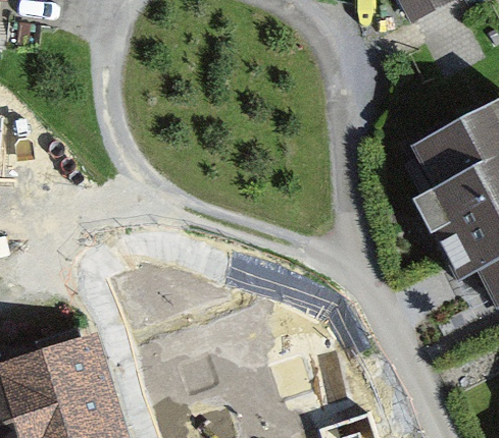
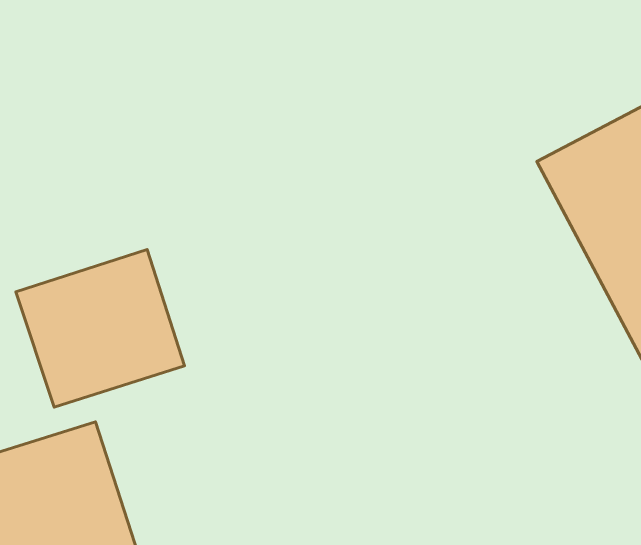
building: none -> [16,250,184,407]

